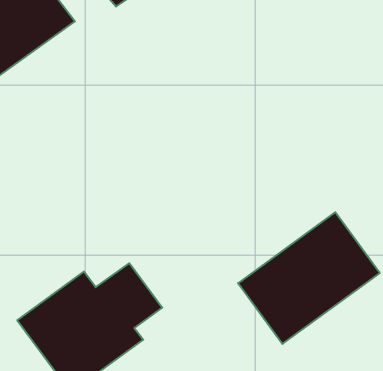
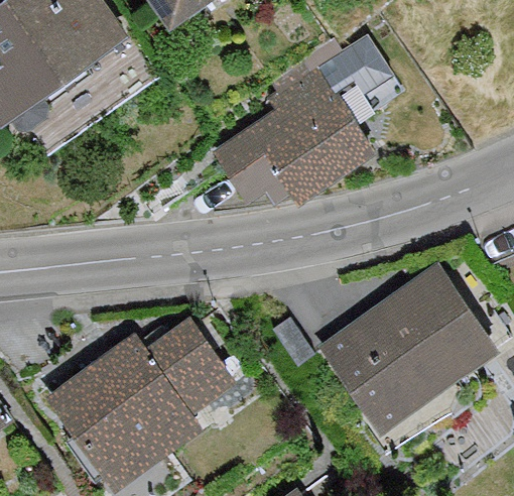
building: none -> [220,47,375,205]

